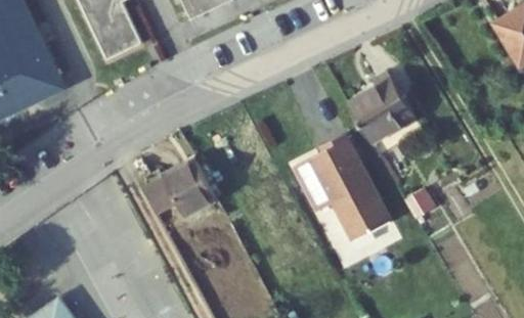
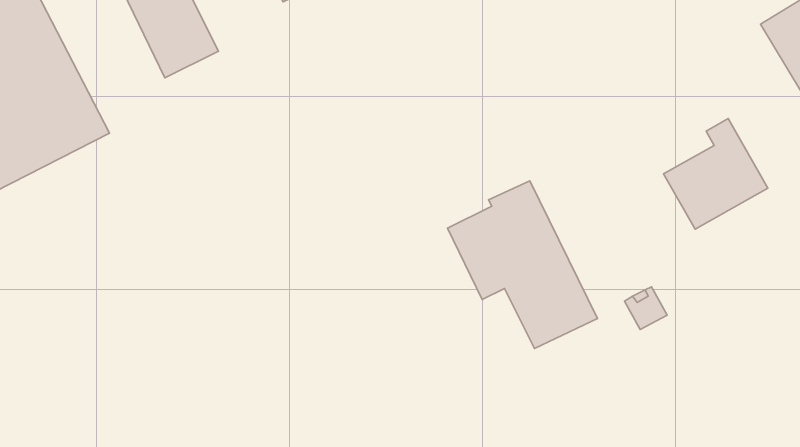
building: [354,75,422,146] -> [664,119,768,229]
building: [141,162,214,215] -> none

